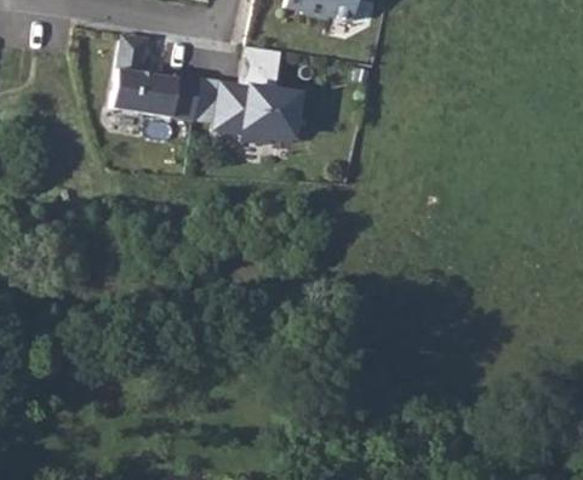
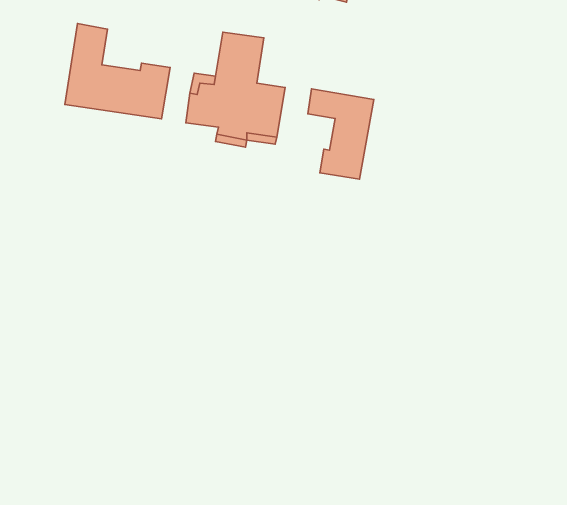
building: none -> [308,89,374,179]

